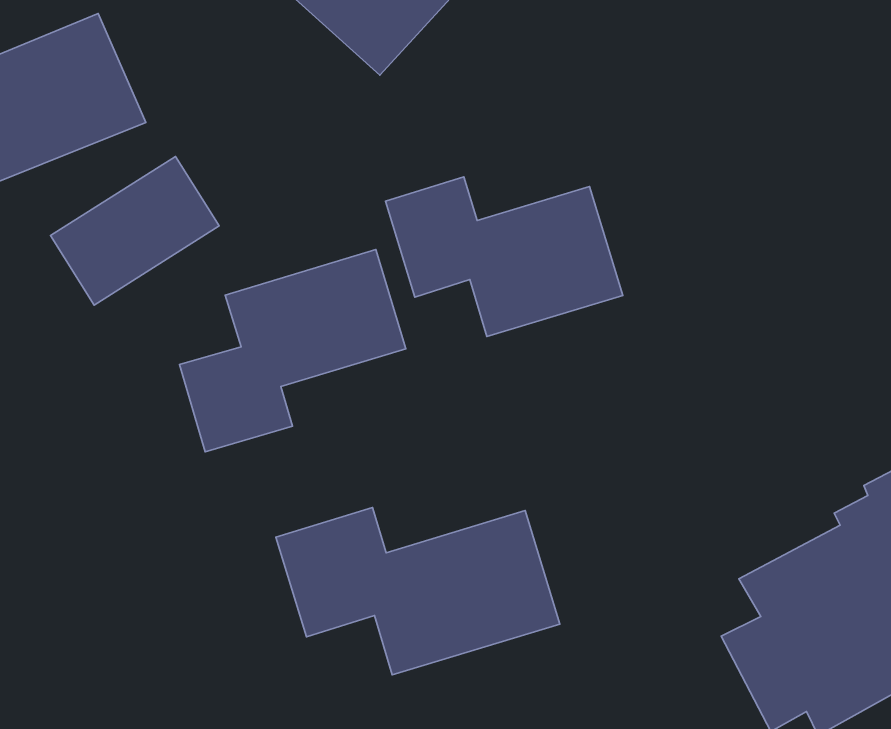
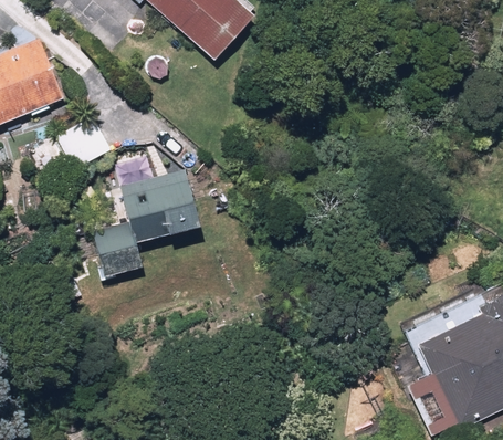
building: [385,177,623,337] -> none
building: [276,507,560,675] -> none

